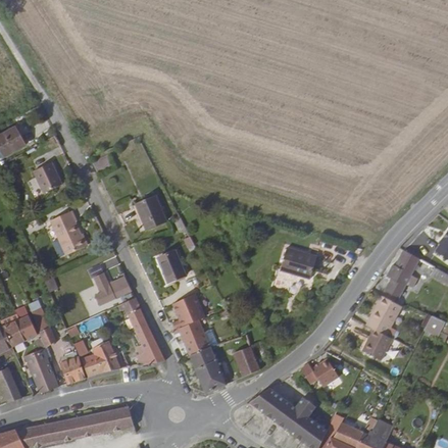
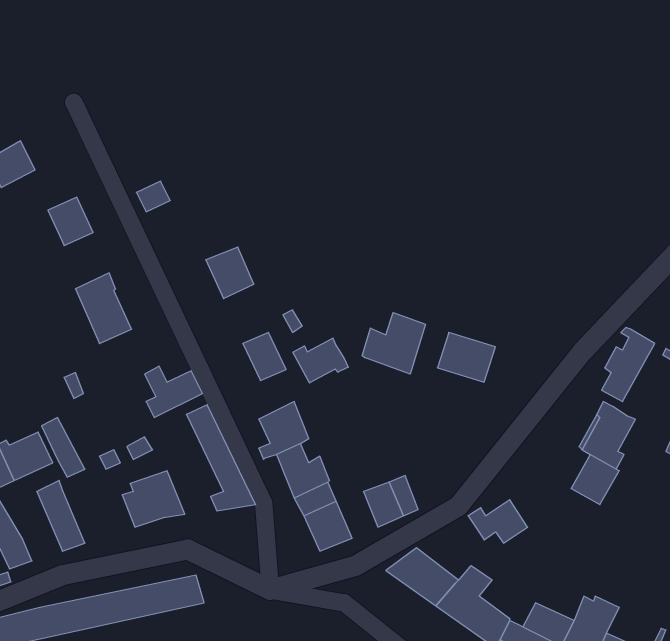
building: none -> [362,313,426,374]
building: none -> [293,338,348,383]
building: [60,354,86,382] -> none

